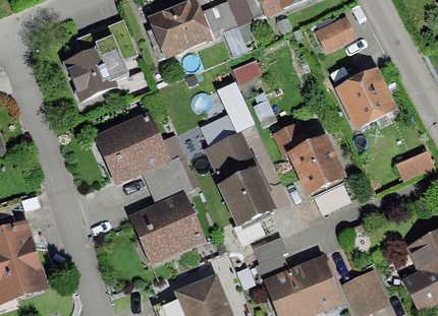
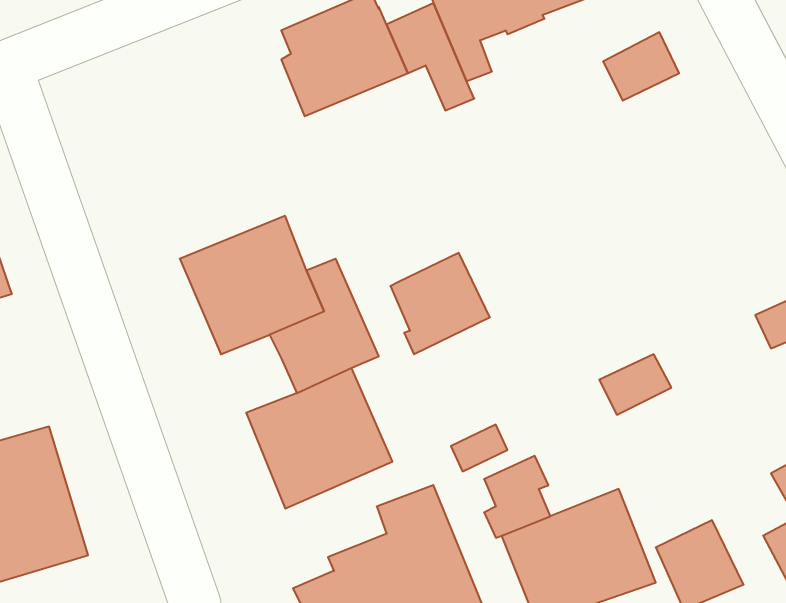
building: [63,18,140,102] -> none
building: [334,66,398,129] -> none
building: [200,82,255,147] -> none
building: [272,122,346,194] -> none
building: [217,166,276,227] -> none

